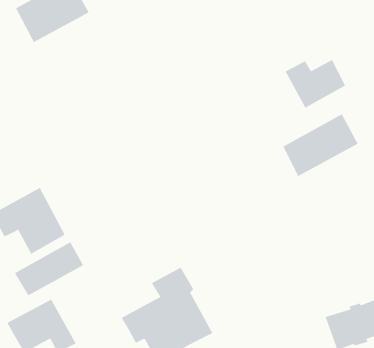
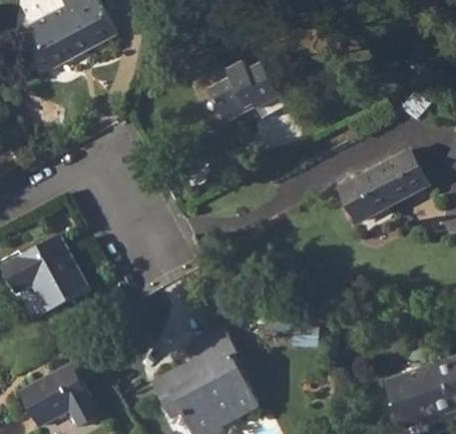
building: none -> [205,56,284,119]
building: [285,59,346,109] -> none
building: [14,241,84,296] -> none

